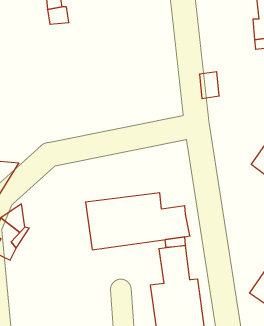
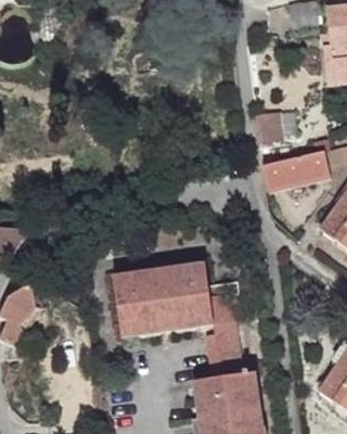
building: none -> [262,151,330,189]

